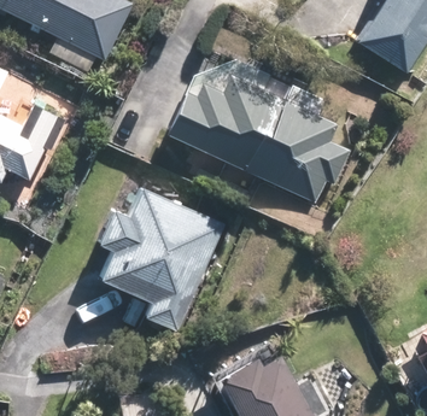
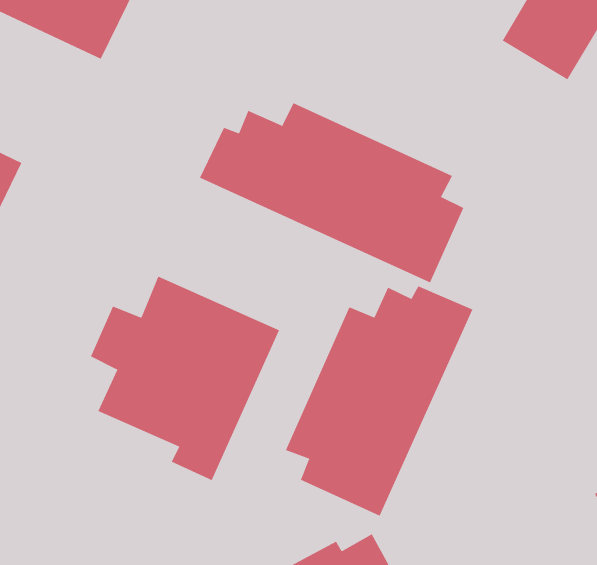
building: none -> [285,285,473,517]

